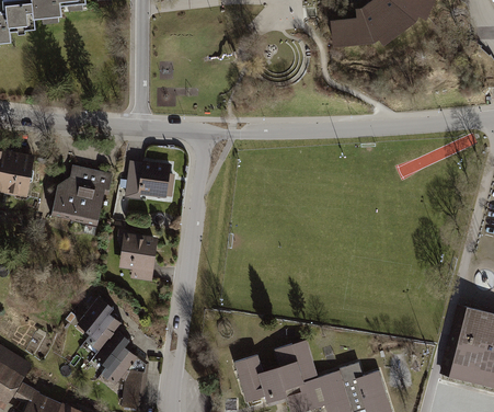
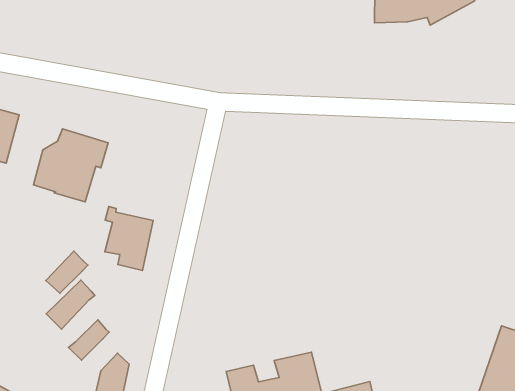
building: [124,160,175,199] -> none
building: [87,311,122,348] -> [46,251,88,293]
building: [101,344,137,381] -> none

